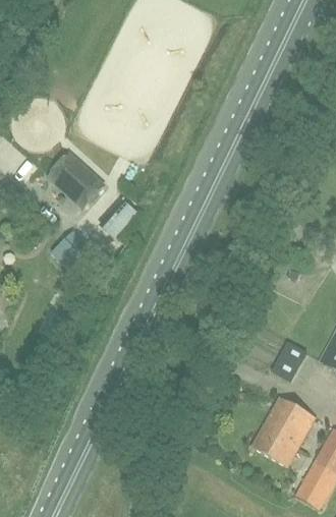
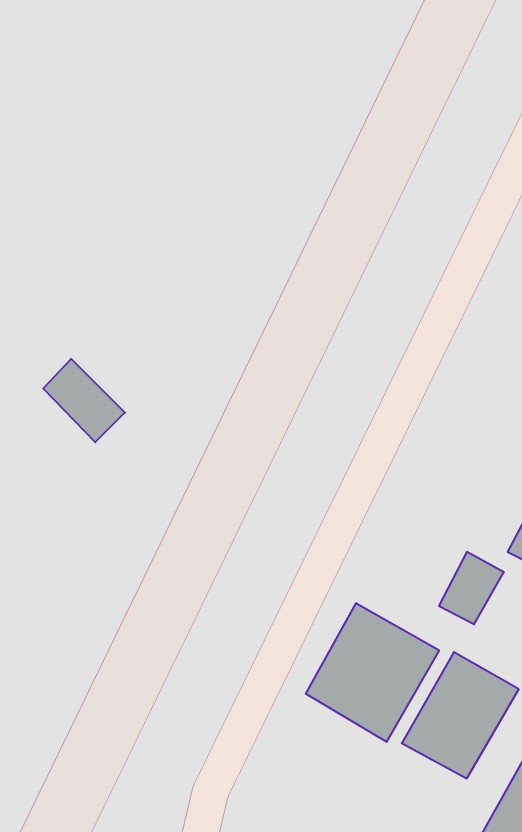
building: [49,156,101,206] -> none
building: none -> [306,603,439,742]

